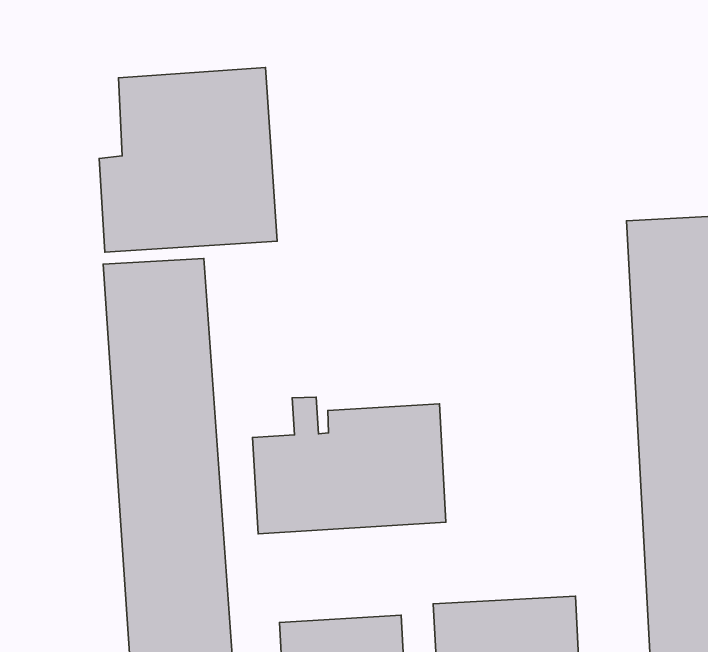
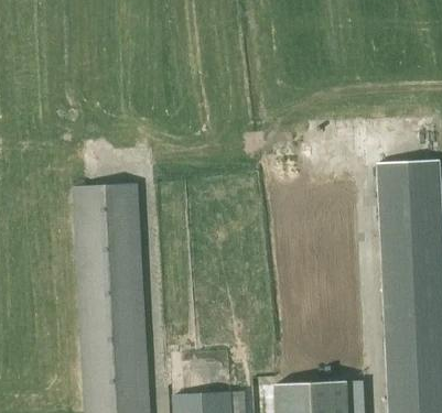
building: [99,67,277,252] -> none
building: [253,397,446,534] -> none

